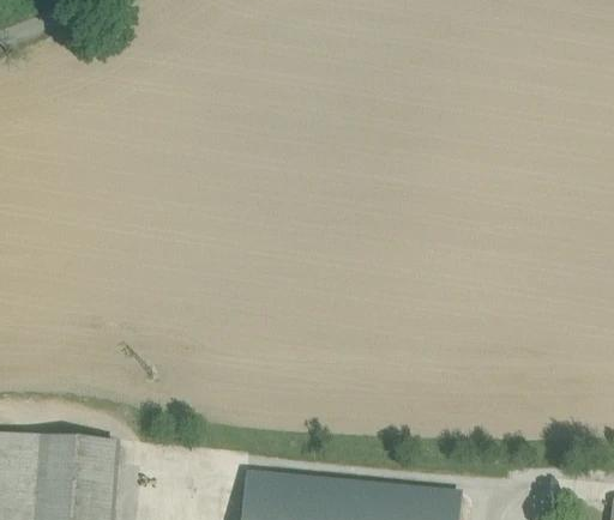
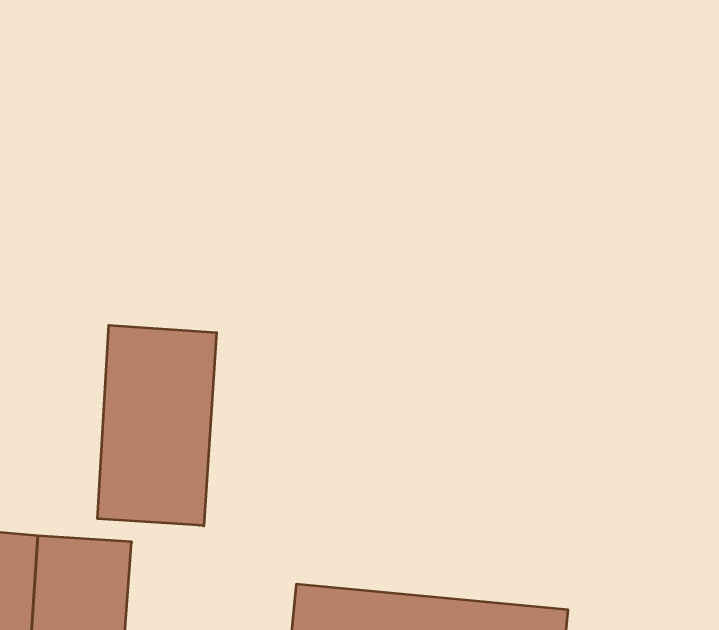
building: none -> [98,325,217,526]

